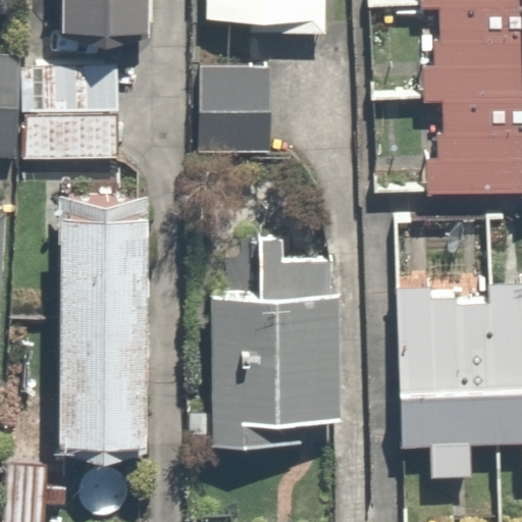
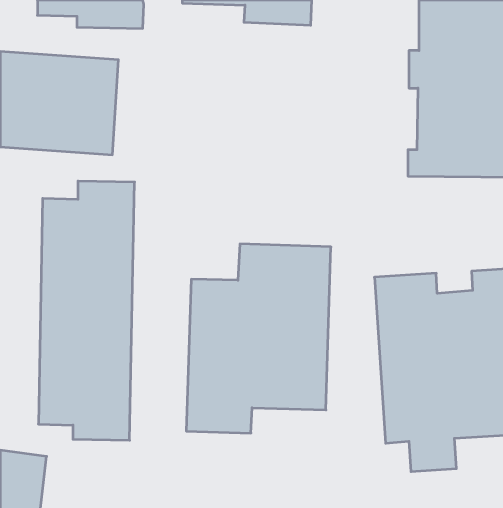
building: [195,65,284,155] -> none

